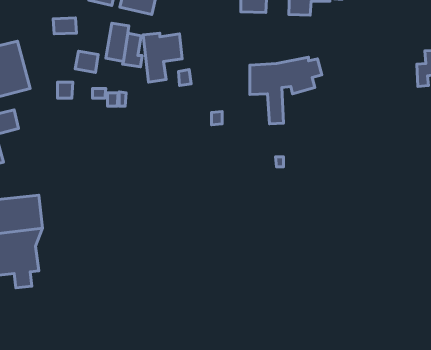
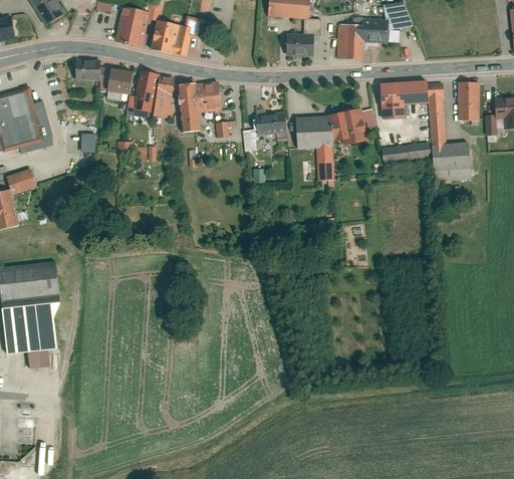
building: none -> [379,82,471,183]
building: none -> [457,82,478,122]
building: [75,51,98,72] -> [105,67,132,91]
building: none -> [242,111,286,152]

